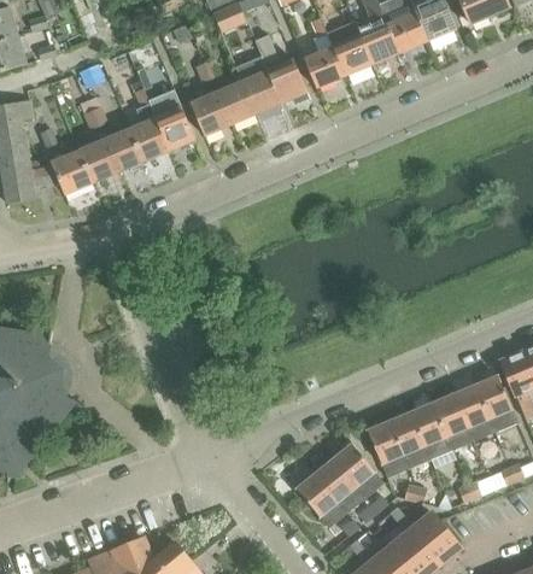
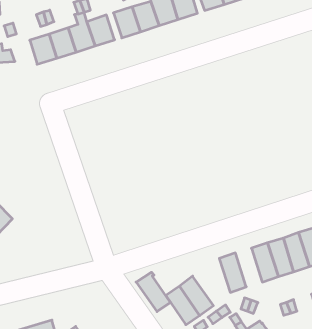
building: [51,150,90,194] -> none
building: [390,412,430,467] -> none
building: [333,443,383,497] -> [136,272,171,312]

